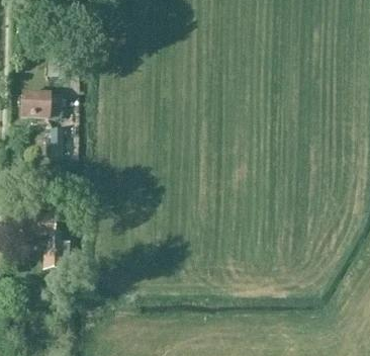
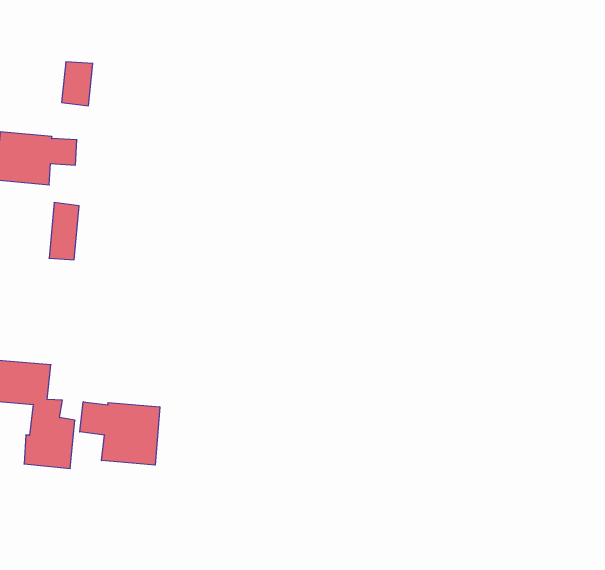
building: none -> [80,402,160,465]

